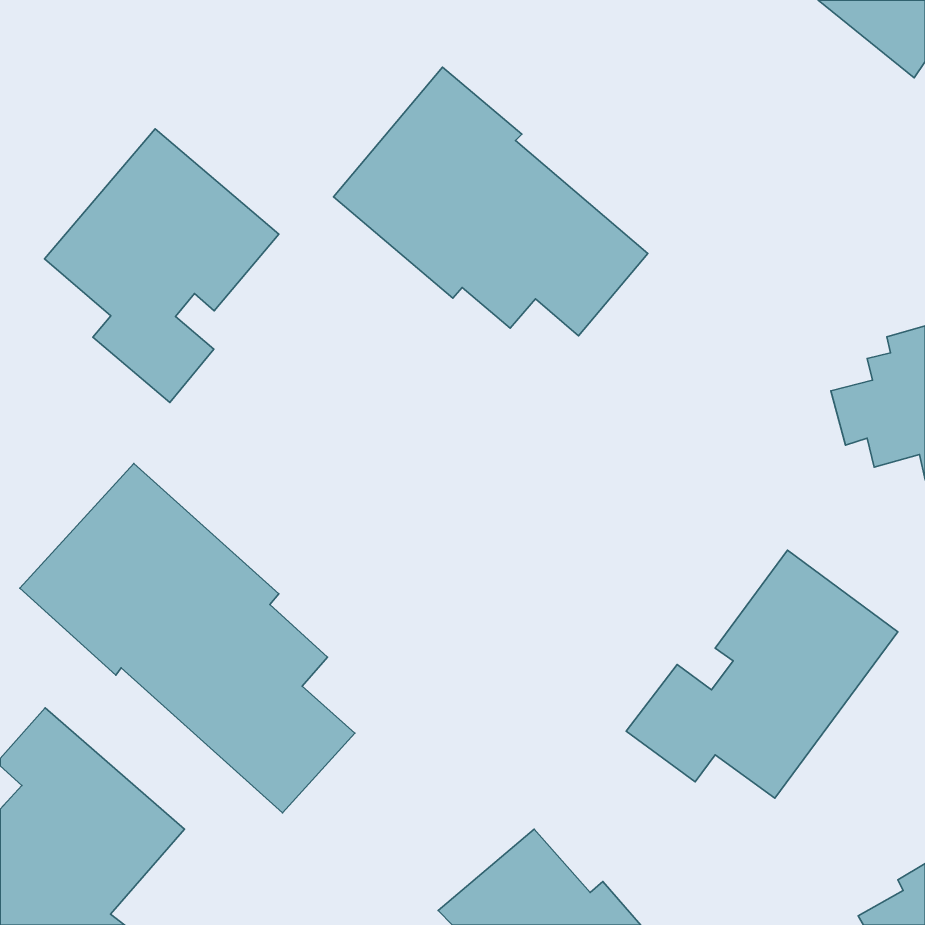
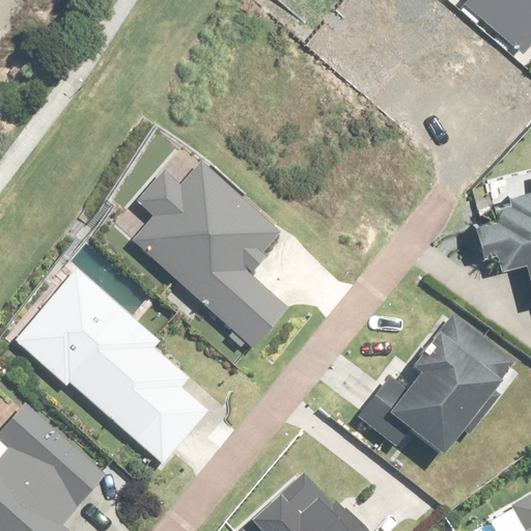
building: [334,67,648,336] -> none
building: [45,129,279,403] -> none
building: none -> [133,163,288,346]

